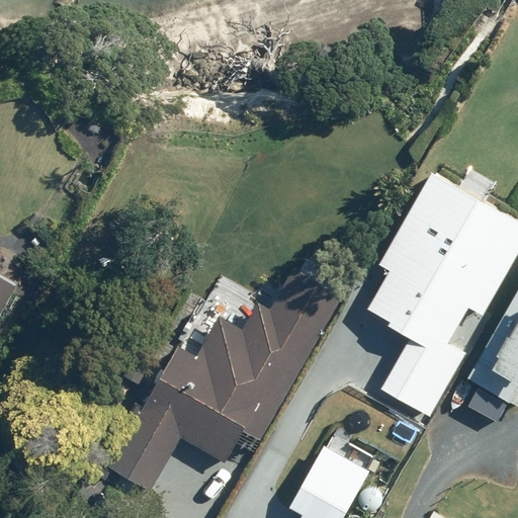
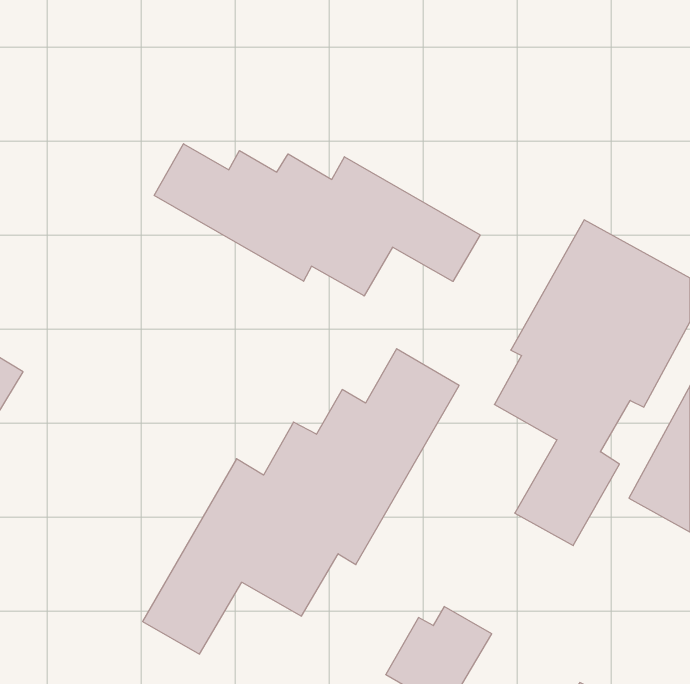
building: none -> [154,144,480,296]

